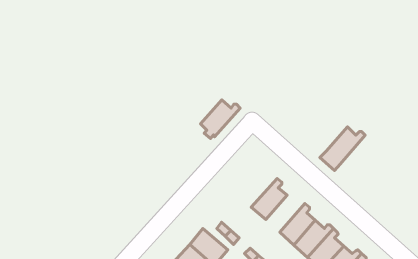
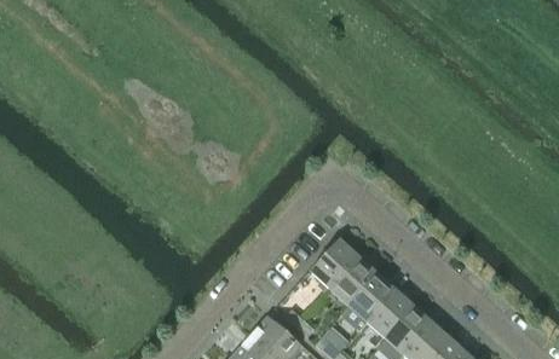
building: [200,100,240,139] -> [311,241,363,291]
building: [320,127,365,171] -> [340,273,399,330]

